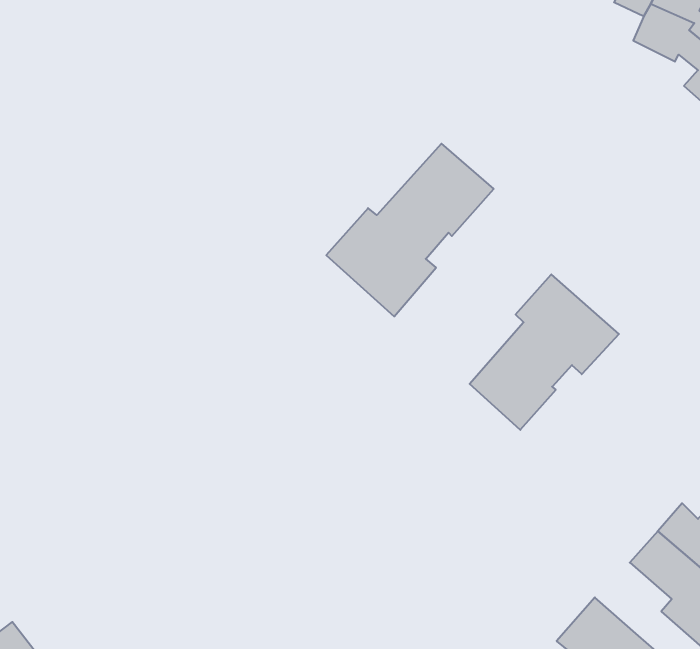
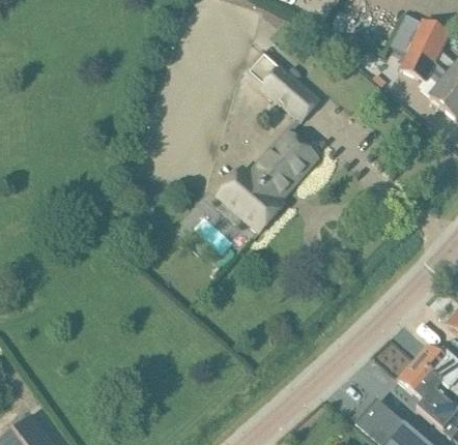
building: none -> [245,52,318,122]
building: [470,274,619,430] -> none

